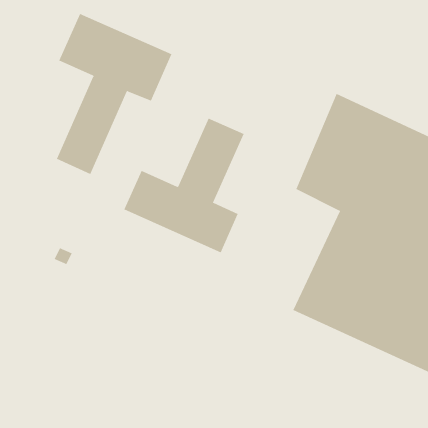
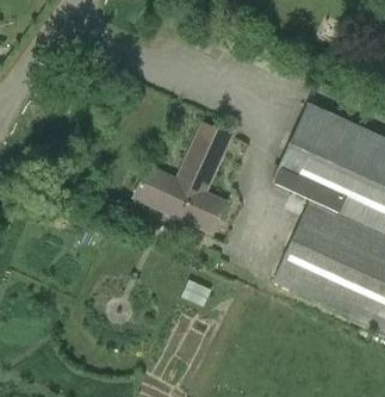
building: [56,13,172,175] -> none

